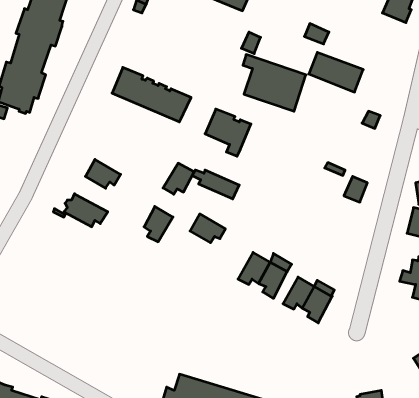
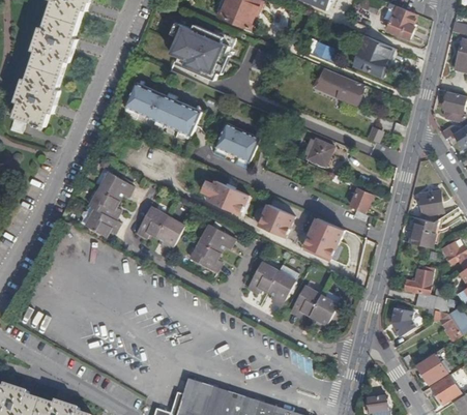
building: none -> [353,37,393,77]
building: [243,55,306,111] -> [170,22,231,77]
building: none -> [307,139,333,167]
building: [163,163,194,194] -> [136,209,166,239]
building: none -> [89,188,119,219]
building: none -> [259,204,294,233]
building: none -> [302,218,343,260]
building: none -> [189,241,222,272]
building: none -> [391,307,416,338]

